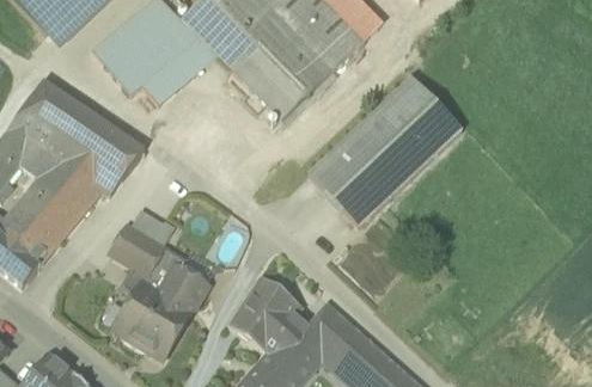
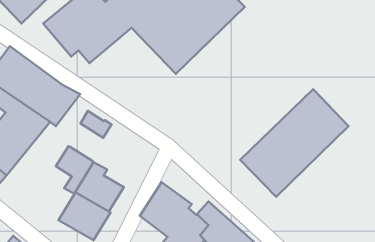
building: [307,74,462,227] -> [240,89,348,197]
building: [130,207,175,245] -> [80,111,111,138]

